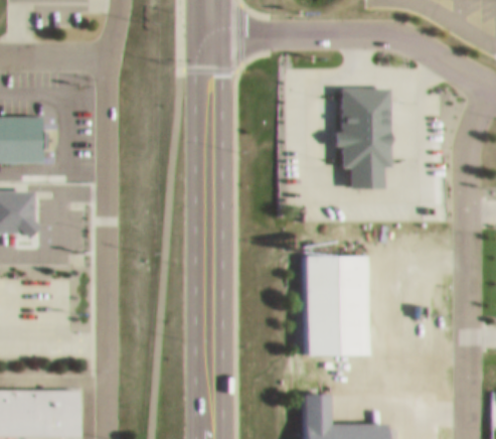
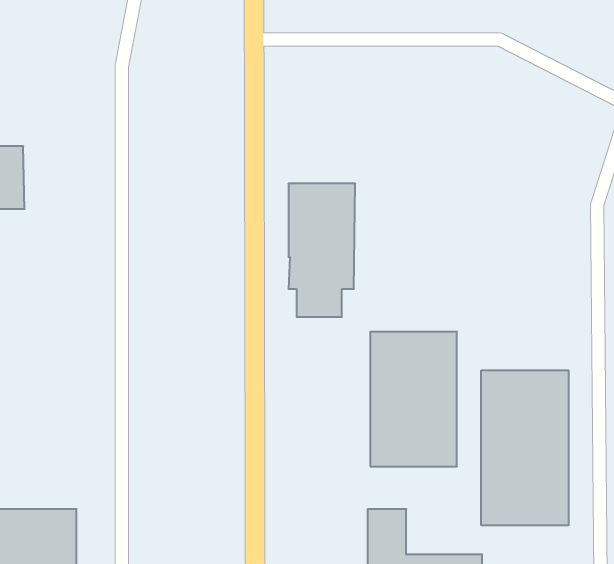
building: [340,89,390,189] -> [288,184,355,317]
building: none -> [481,370,568,525]

